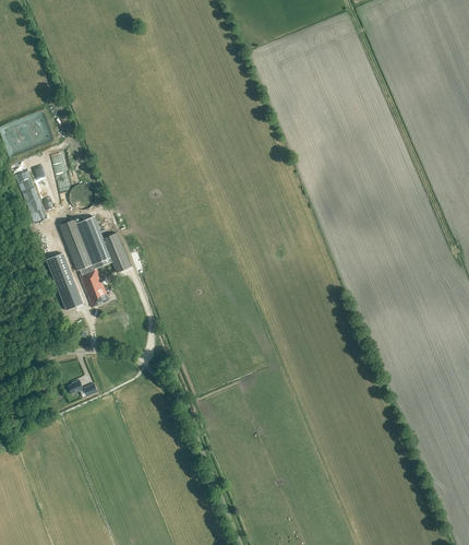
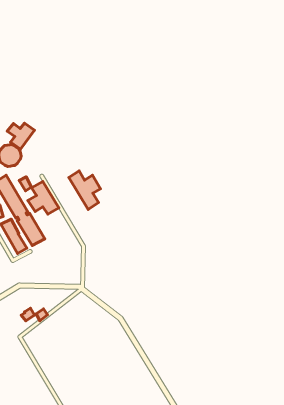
building: none -> [7,123,35,149]
building: none -> [69,171,100,209]

